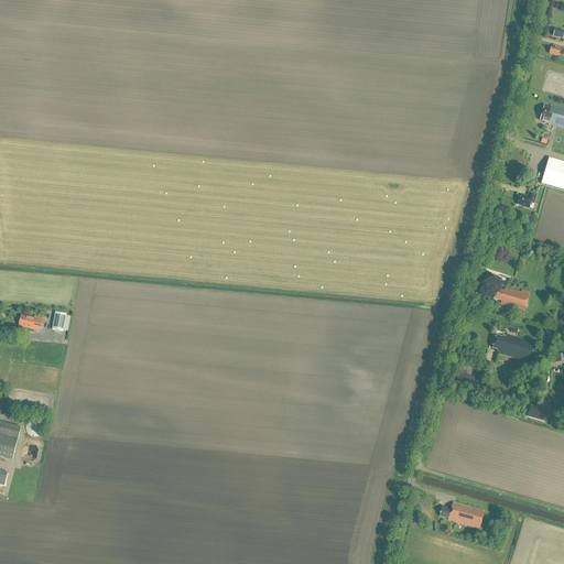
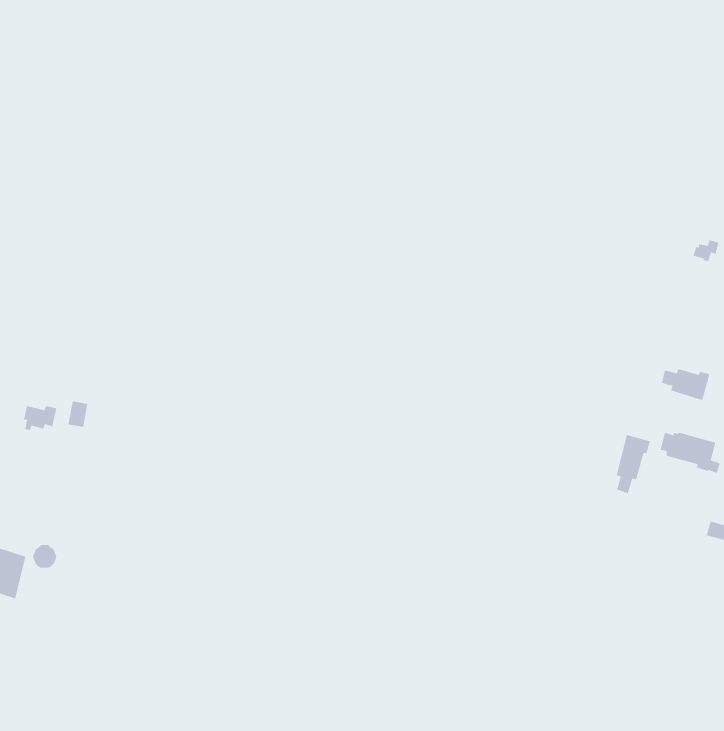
building: none -> [616,434,650,494]
building: [438,501,485,528] -> none

